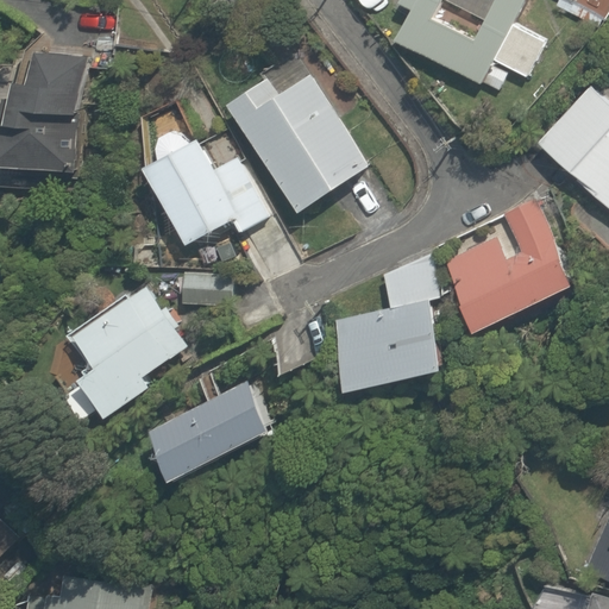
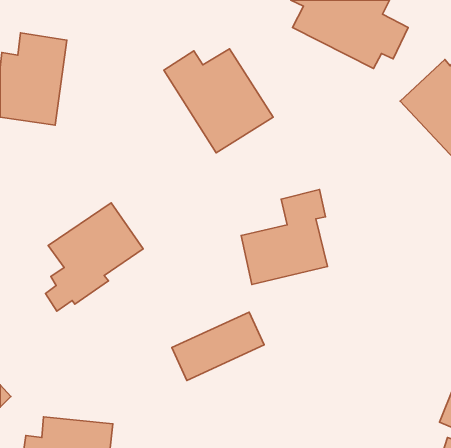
building: [130,124,278,249] -> none
building: [444,195,577,328] -> none
building: [147,382,271,473] -> [172,312,264,381]

